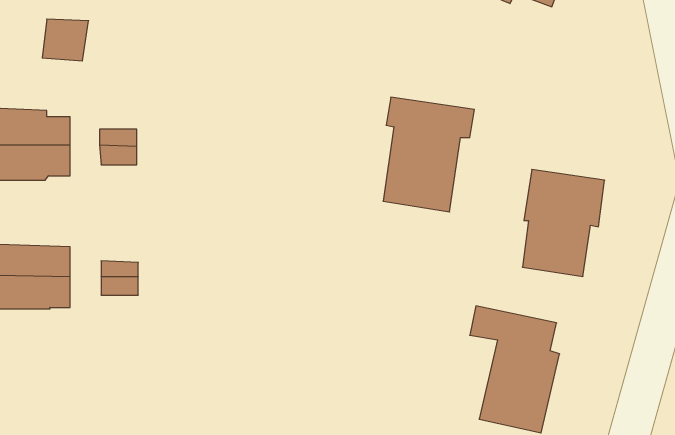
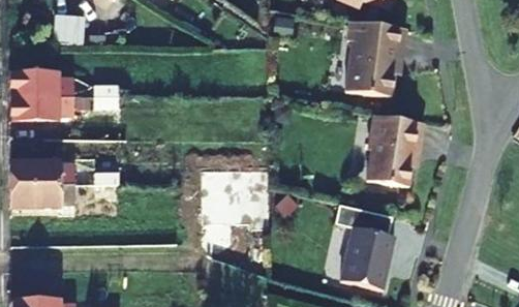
building: [383,97,474,212] -> [347,21,408,97]

